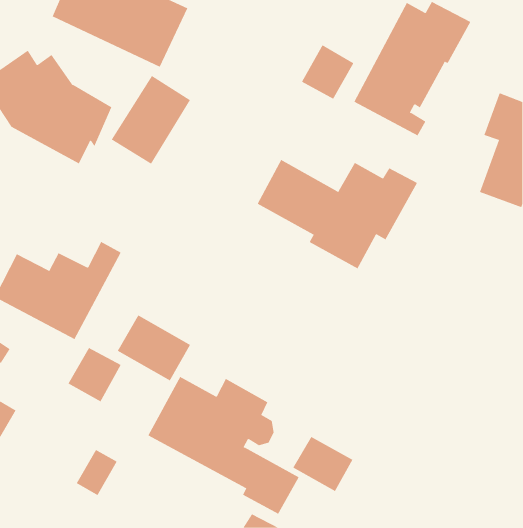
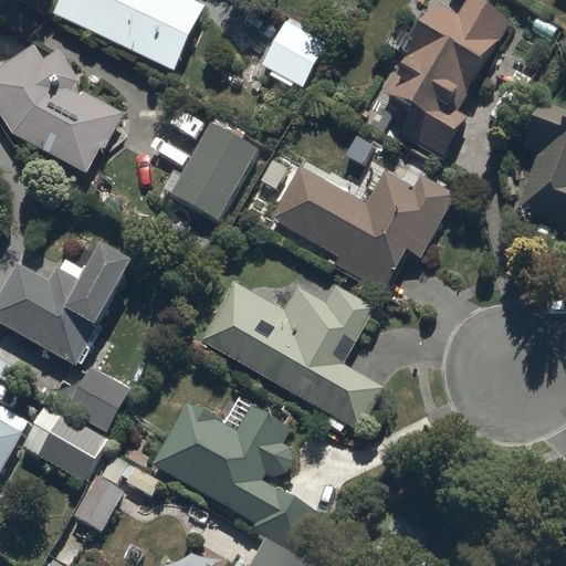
building: [301,45,354,100] -> [260,24,316,83]
building: [111,75,191,164] -> [169,122,254,217]
building: none -> [208,286,379,423]
building: [117,315,191,381] -> [29,409,107,480]
building: [292,436,353,492] -> none

